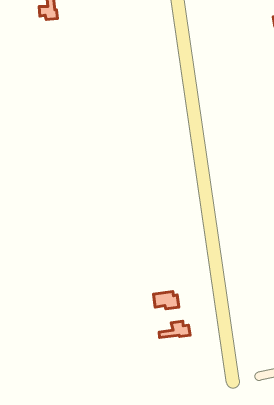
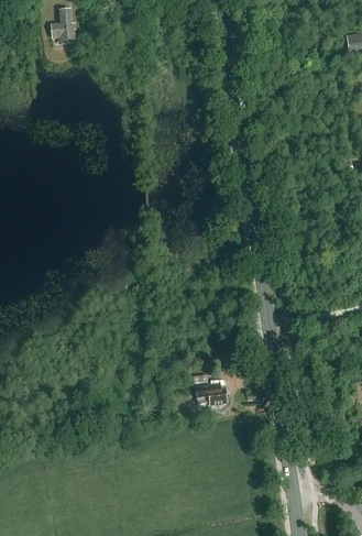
building: [159,321,190,337] -> none

